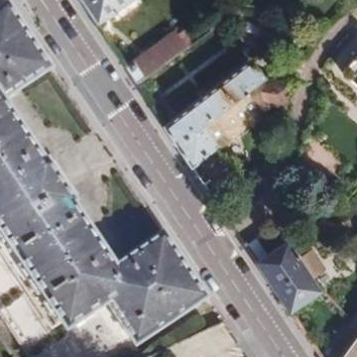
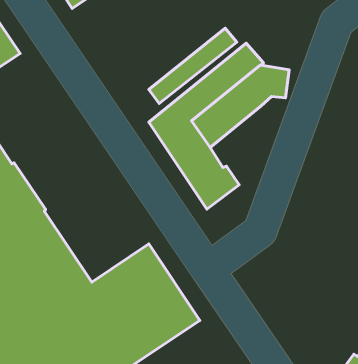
building: [126,31,187,85] -> none
building: [256,242,321,311] -> none

